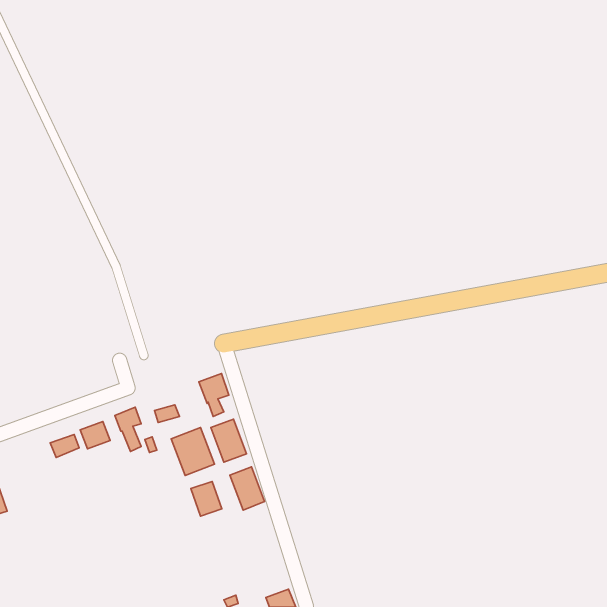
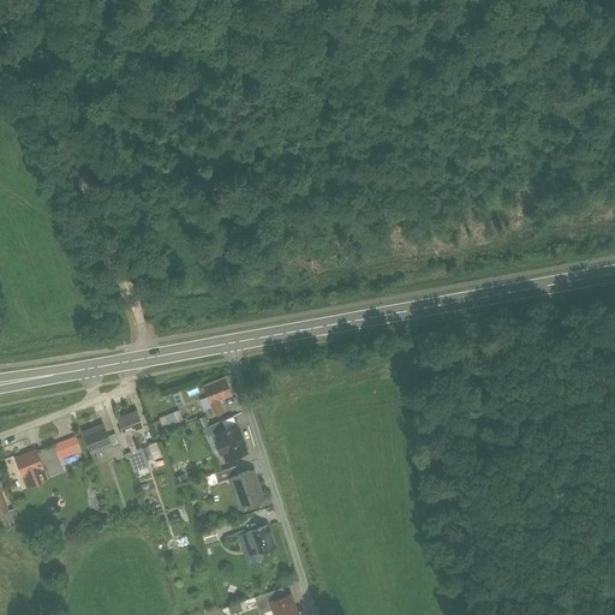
building: [171,428,214,476] -> none
building: none -> [11,447,47,490]
building: [191,481,222,516] -> [243,523,274,557]

